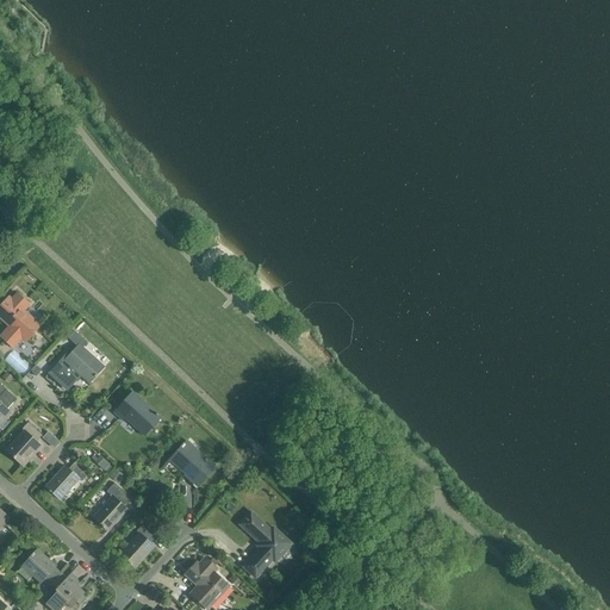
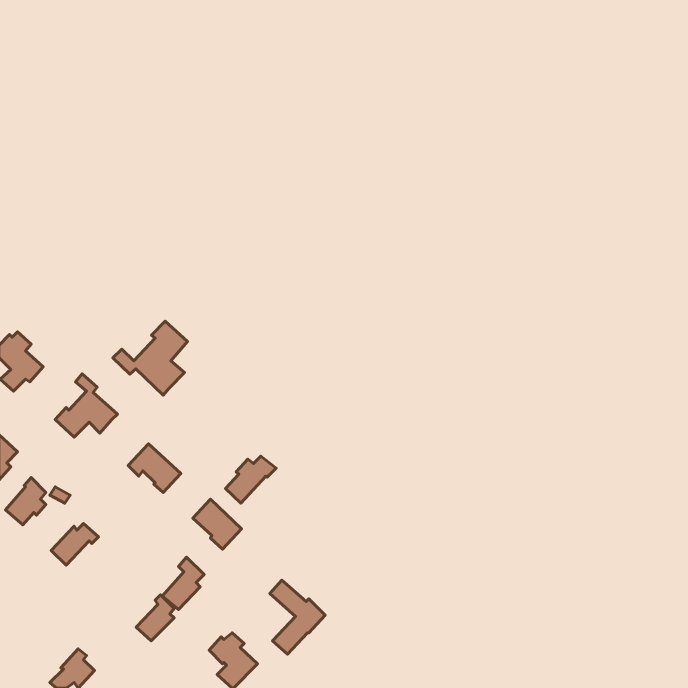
building: none -> [113,321,187,395]
building: none -> [226,456,276,503]
building: [93,483,130,529] -> [162,557,204,610]
building: [17,549,60,591] -> none

